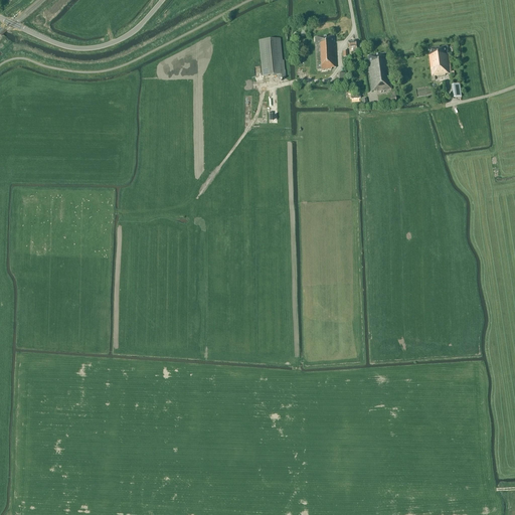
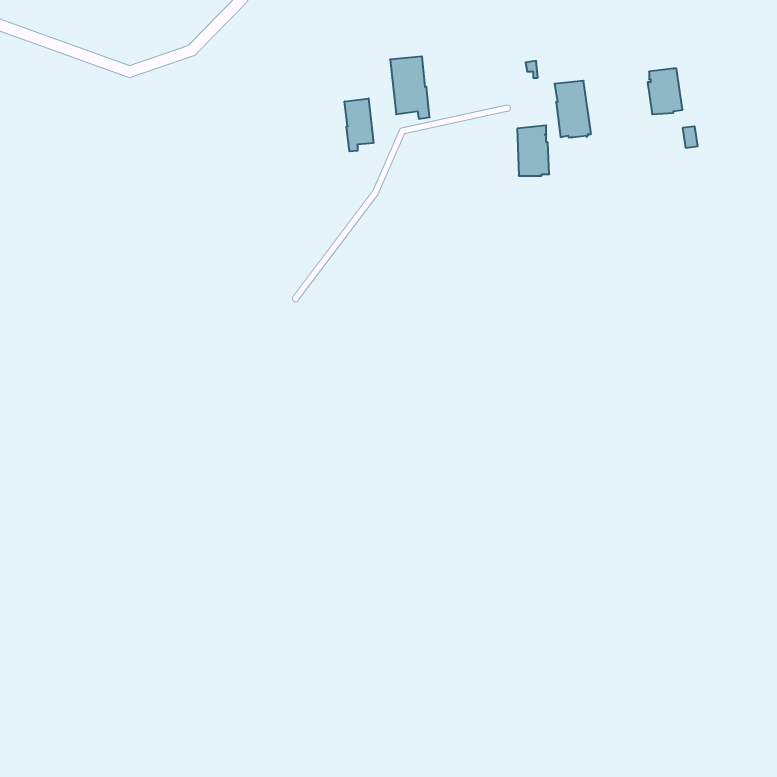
building: [314,35,335,68] -> [517,125,549,176]
building: none -> [345,98,373,151]

